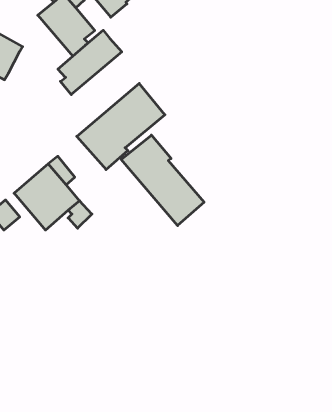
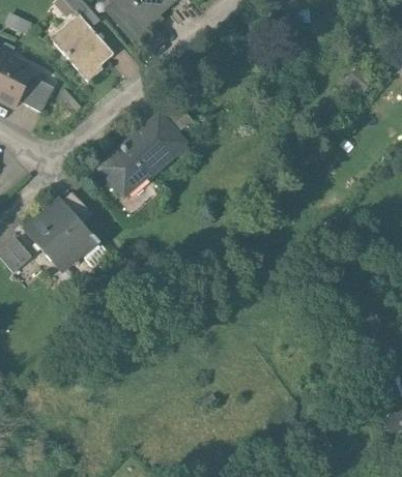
building: [58,30,122,95] -> none
building: none -> [19,74,52,110]
building: [121,135,204,226] -> none

